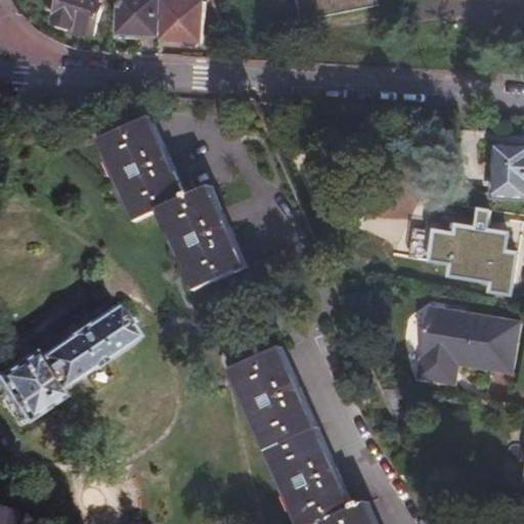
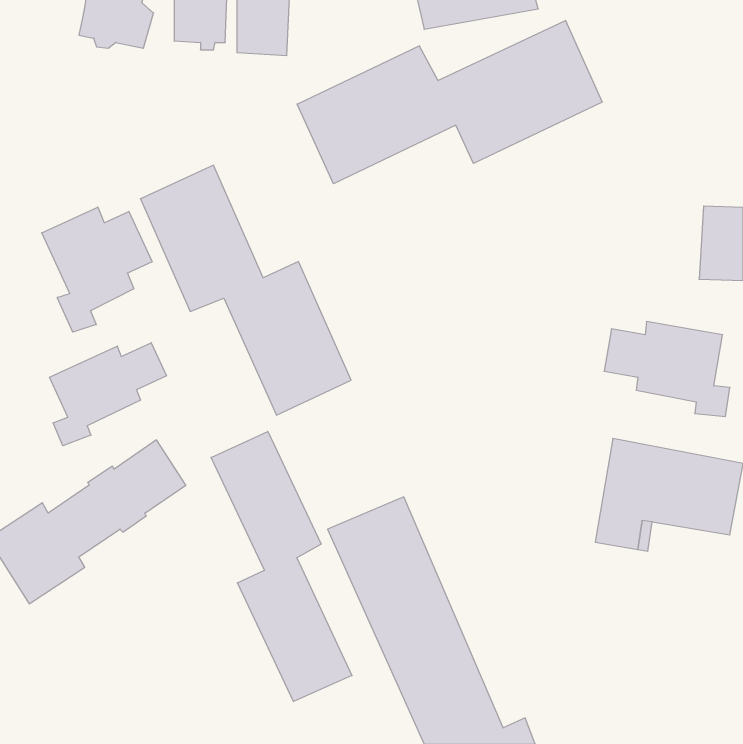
building: none -> [297,20,602,184]
building: none -> [42,207,152,332]
building: none -> [49,343,166,446]
building: none -> [211,431,352,702]

